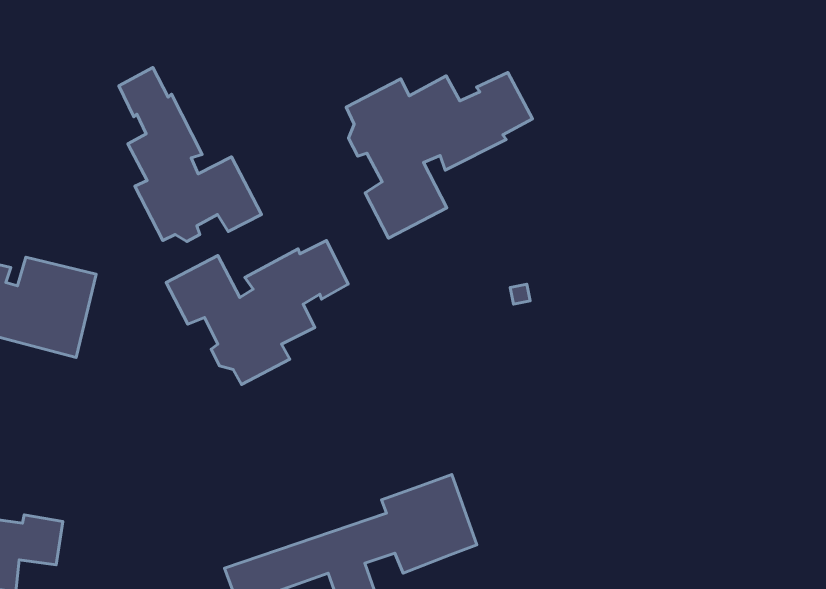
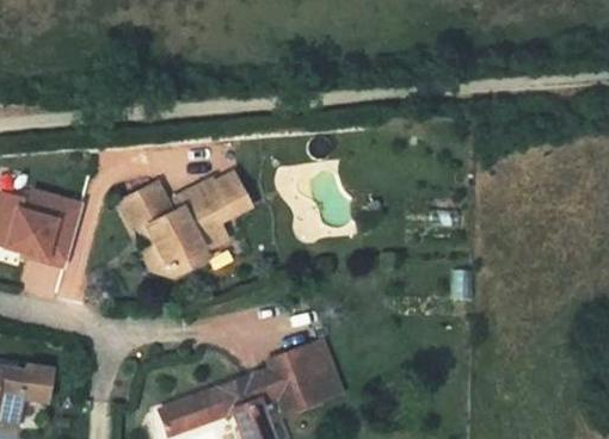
building: [119,68,261,242] -> none
building: [346,72,533,238] -> none

